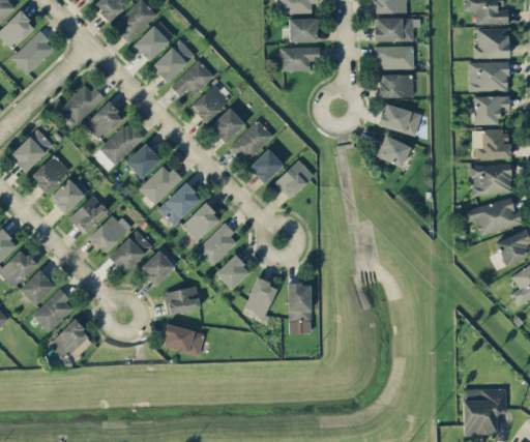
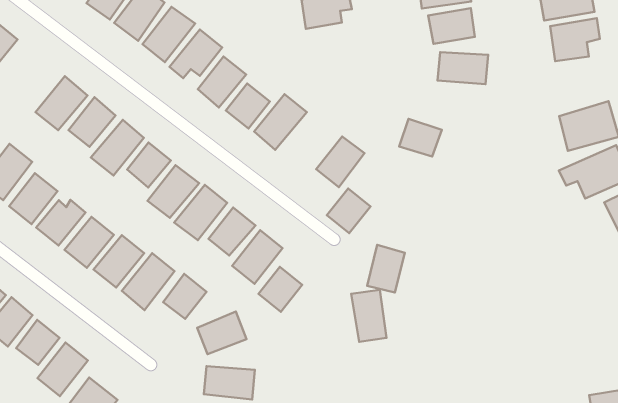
building: [473,129,510,159] -> none
building: [376,135,411,167] -> [399,119,442,156]
building: [248,148,284,183] -> [327,188,370,233]
building: [244,277,277,317] -> [367,245,405,293]

